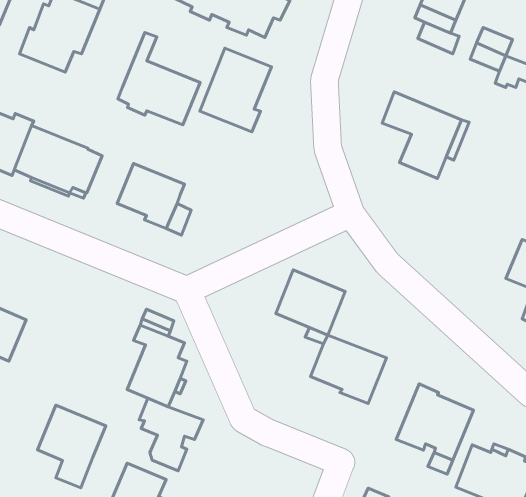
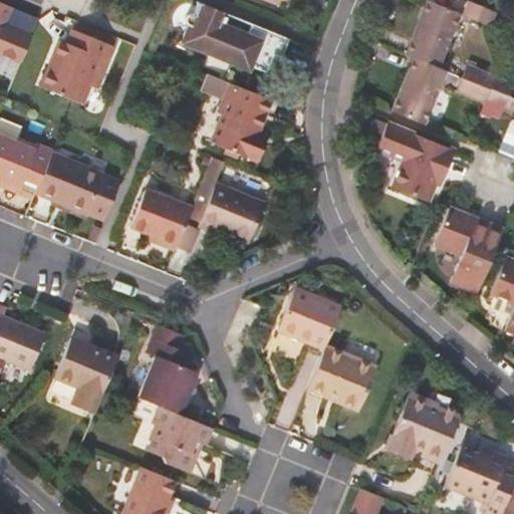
building: [118,33,200,125] -> [189,157,265,242]
building: none -> [393,73,441,124]
building: none -> [435,209,503,294]
building: [37,405,106,488] -> [55,336,118,413]

